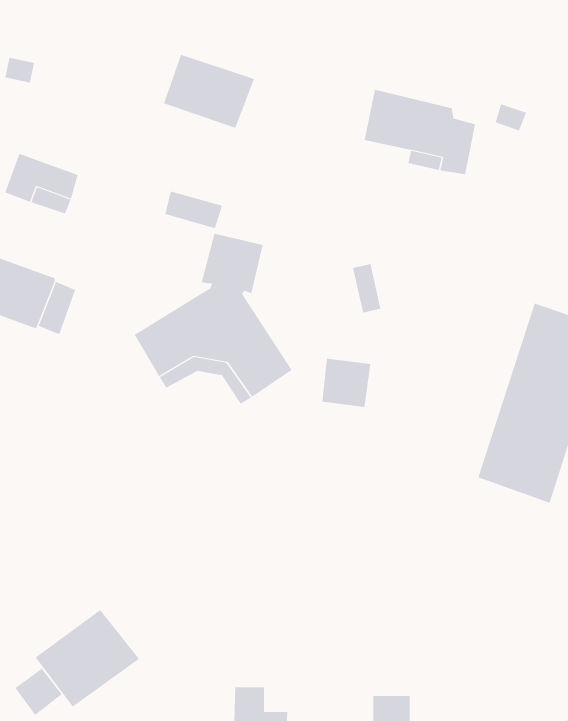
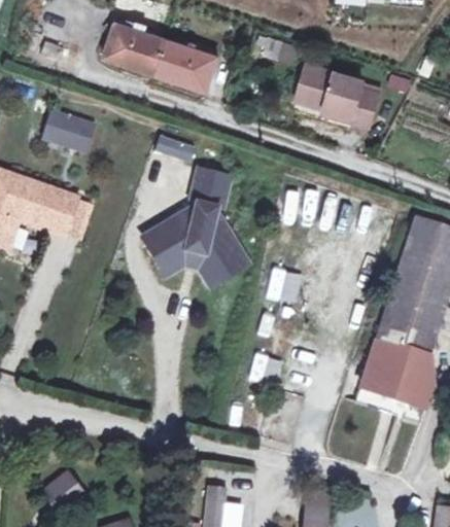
building: none -> [105,23,167,74]
building: none -> [356,339,436,424]
building: [35,609,140,708] -> none

